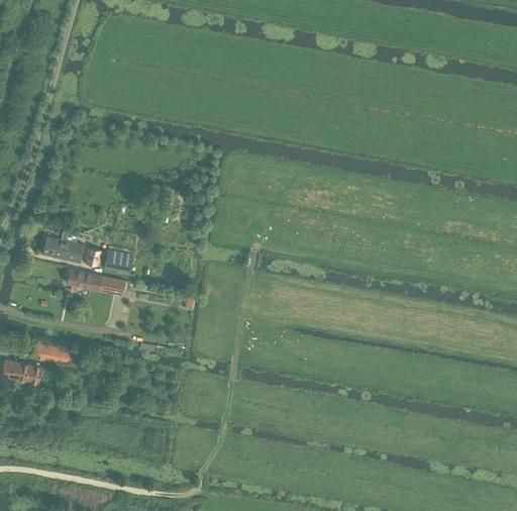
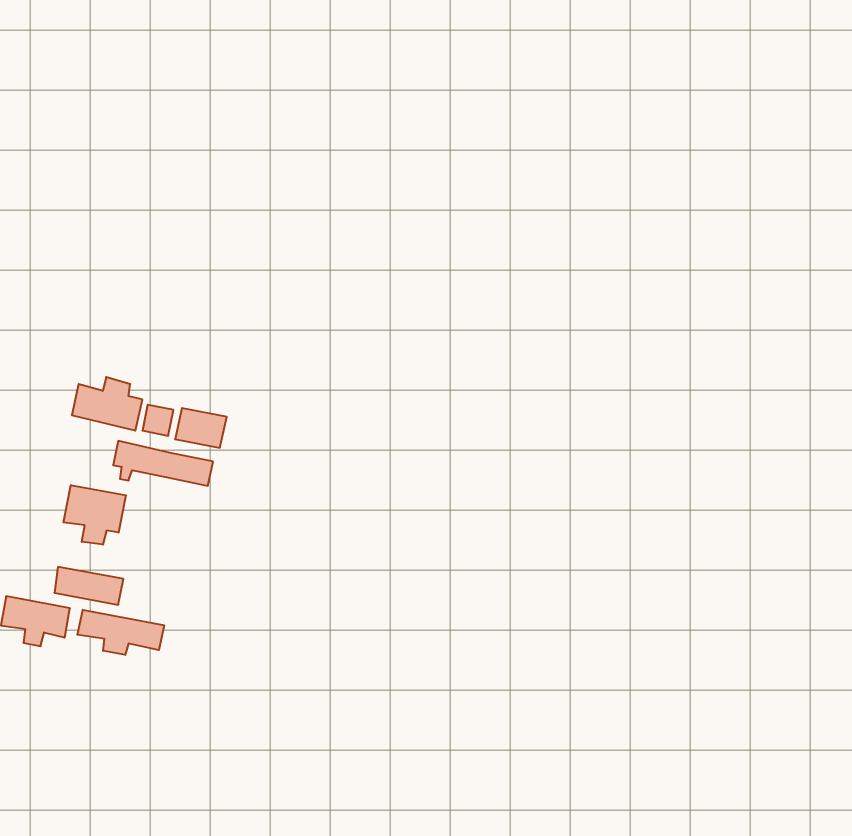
building: none -> [63,485,126,545]
building: none -> [77,610,164,655]

